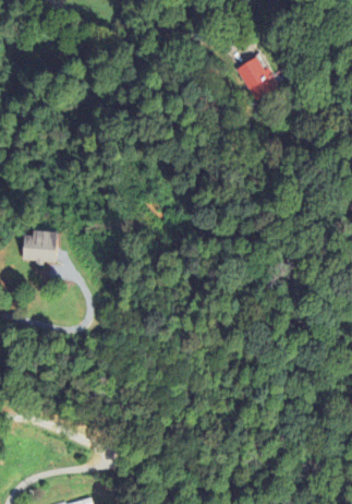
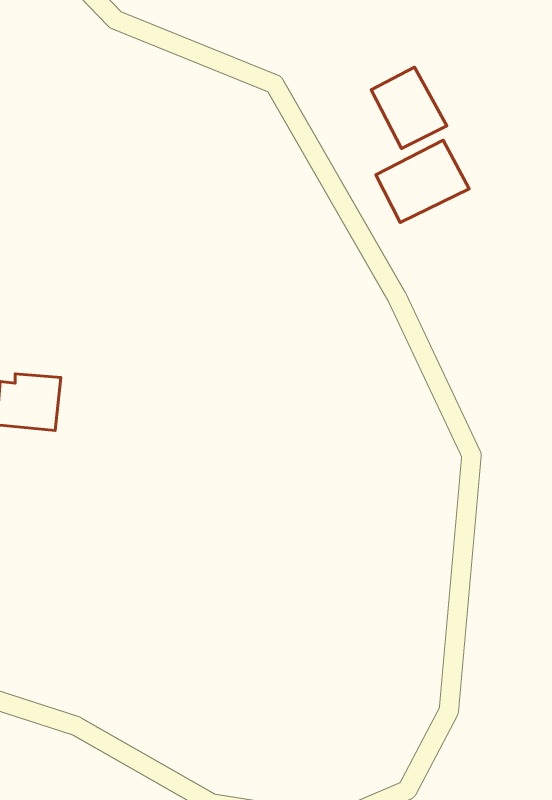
building: none -> [376,140,469,223]

